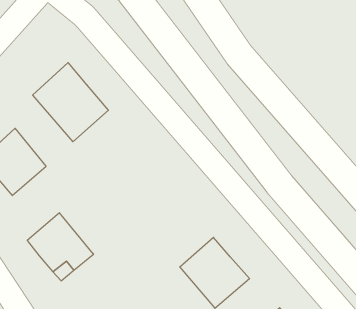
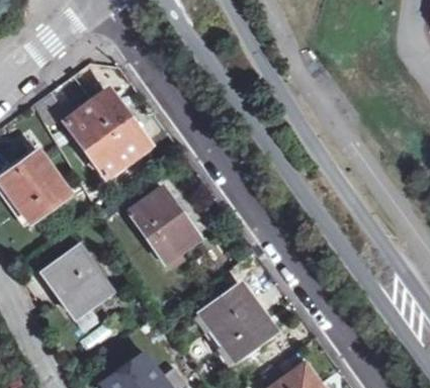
building: none -> [128,186,199,262]

